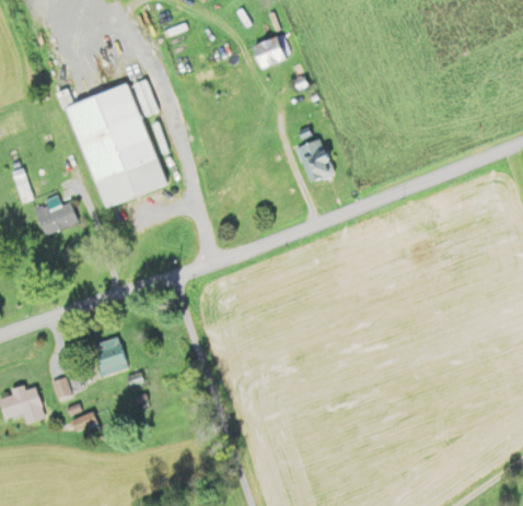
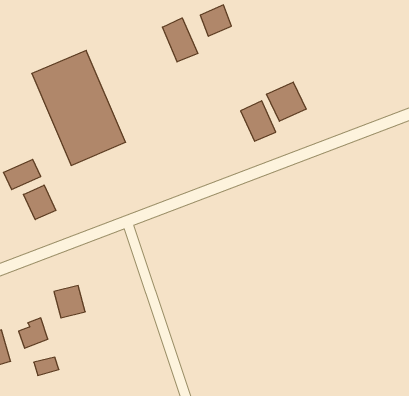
building: none -> [162,18,198,62]
building: none -> [267,82,306,121]
building: none -> [23,185,56,220]

